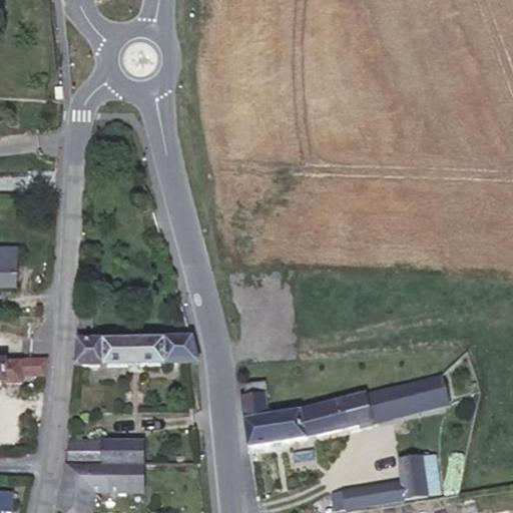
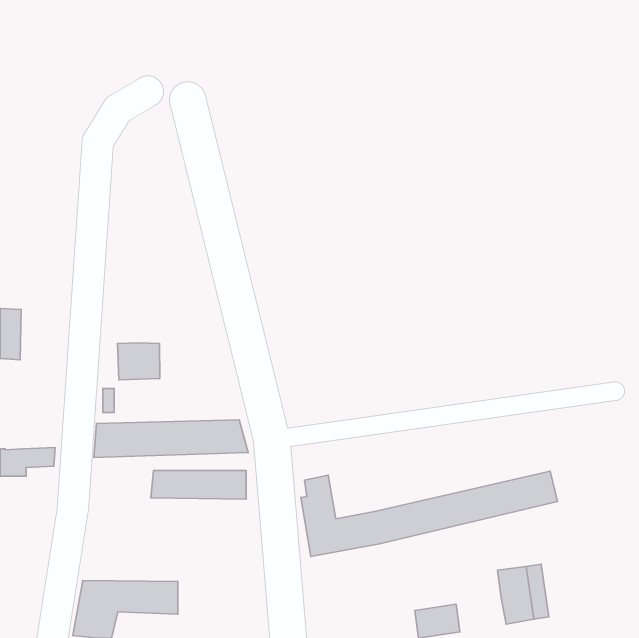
building: none -> [117,343,160,380]
building: [67,440,143,463] -> [151,470,246,499]
building: [366,478,406,505] -> none

